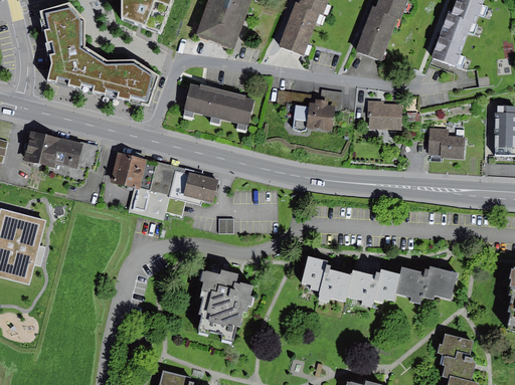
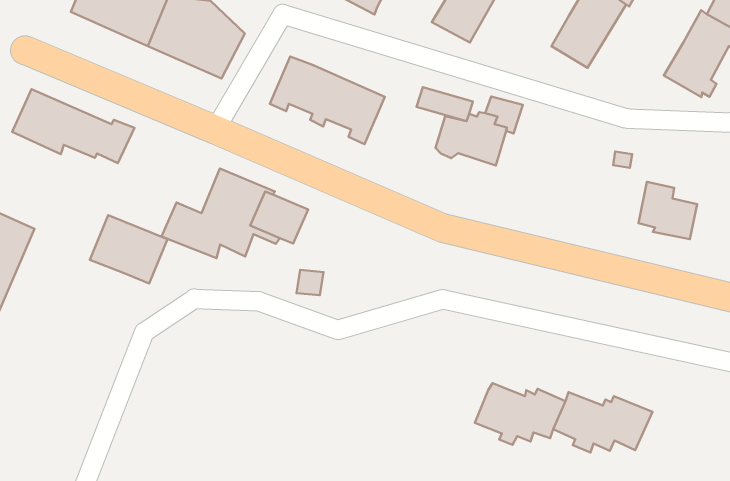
building: [368,100,400,130] -> none
building: [110,153,157,192] -> [90,215,168,284]
building: [301,257,350,303] -> none
building: [198,268,254,341] -> none

